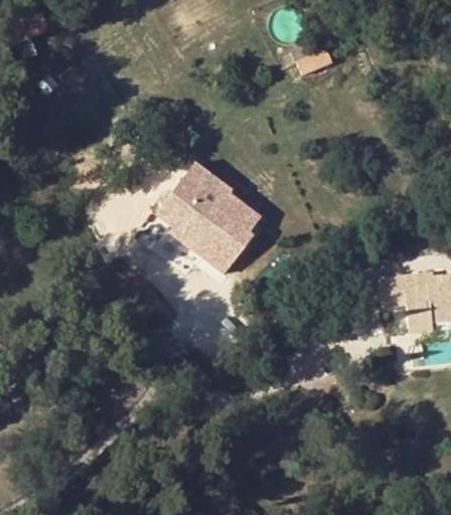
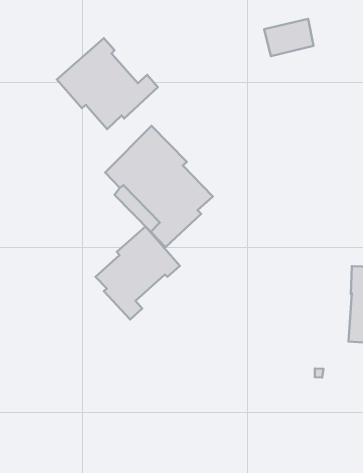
building: none -> [57,38,158,129]
building: none -> [95,226,180,319]

